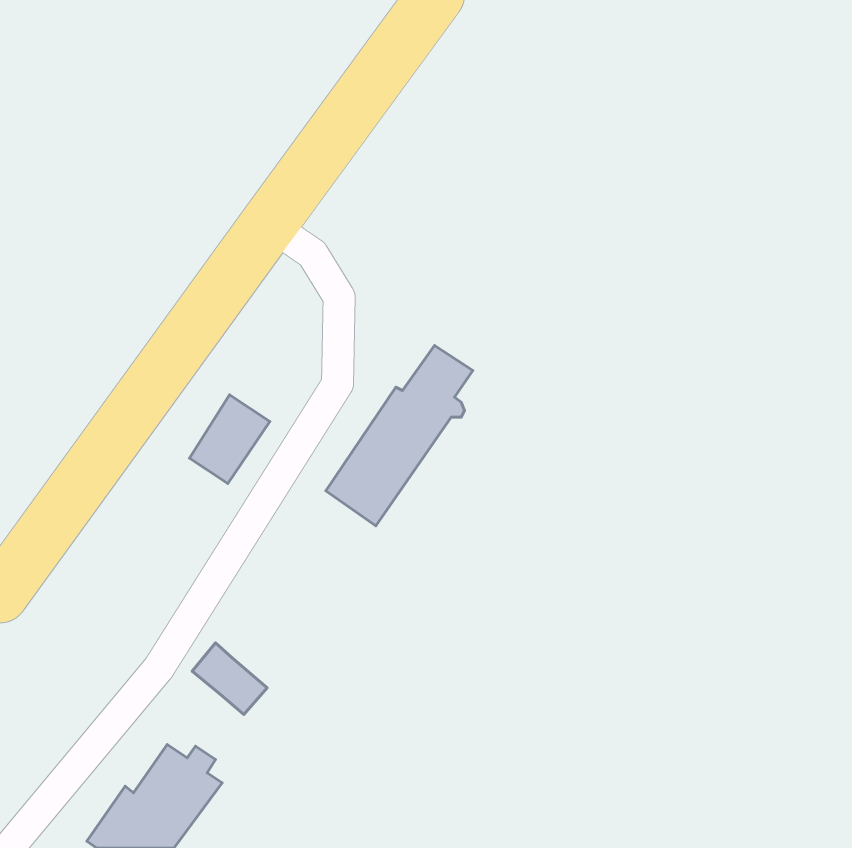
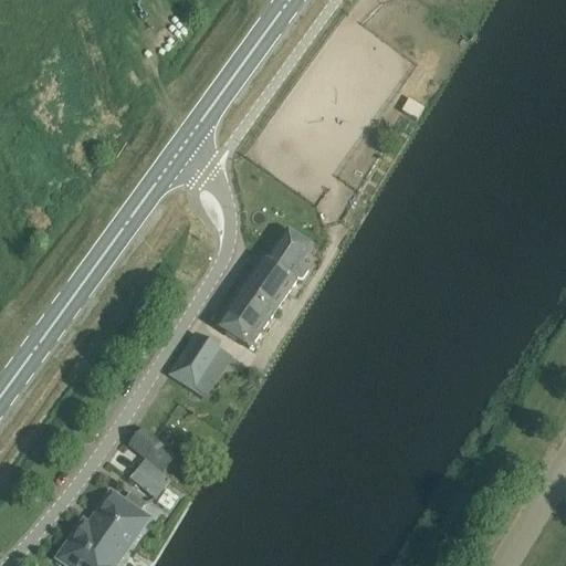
building: [190,395,270,483] -> [170,333,223,391]
building: none -> [132,460,171,499]

